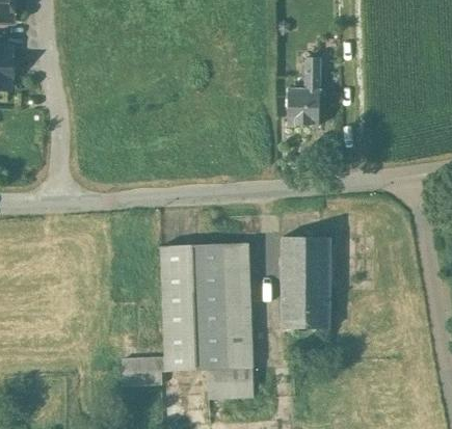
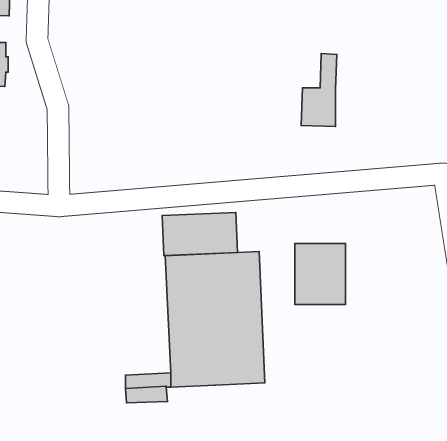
building: none -> [162,212,238,255]
building: [281,293,328,327] -> none
building: [206,367,254,398] -> none

